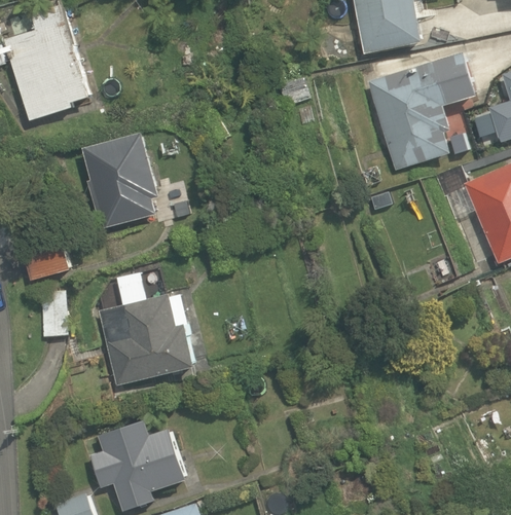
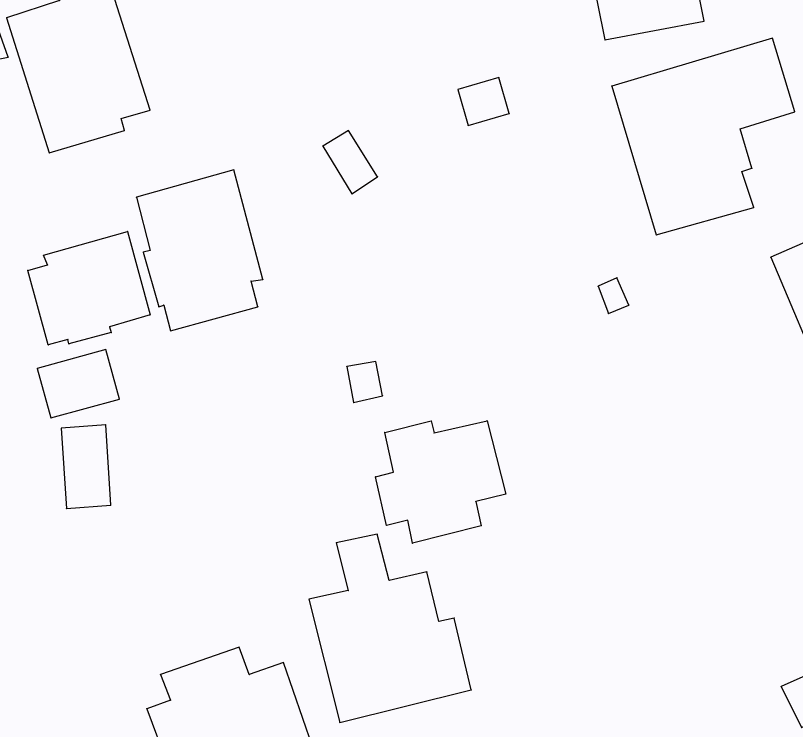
building: none -> [28,231,150,345]
building: [96,271,193,384] -> [309,534,471,722]
building: none -> [376,421,506,543]

